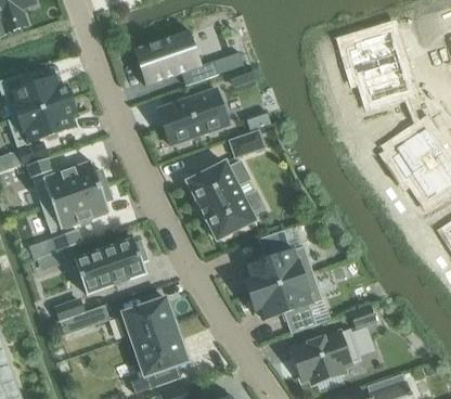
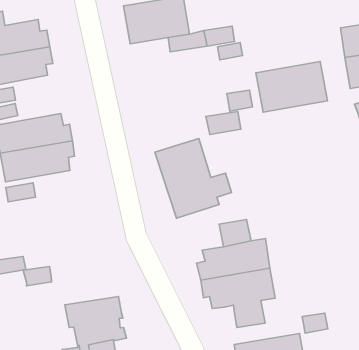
building: [157,88,229,144] -> [256,61,328,112]
building: [74,237,147,293] -> none
building: [117,297,175,338] -> none

